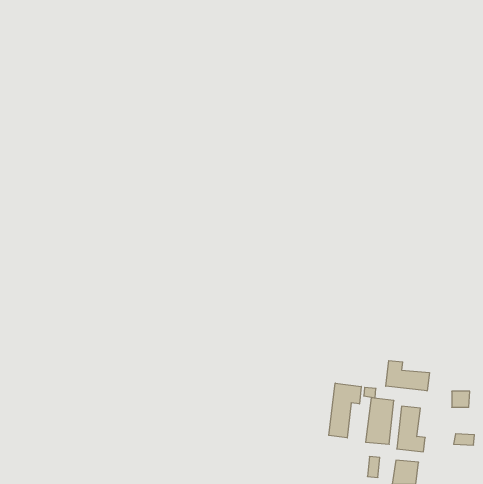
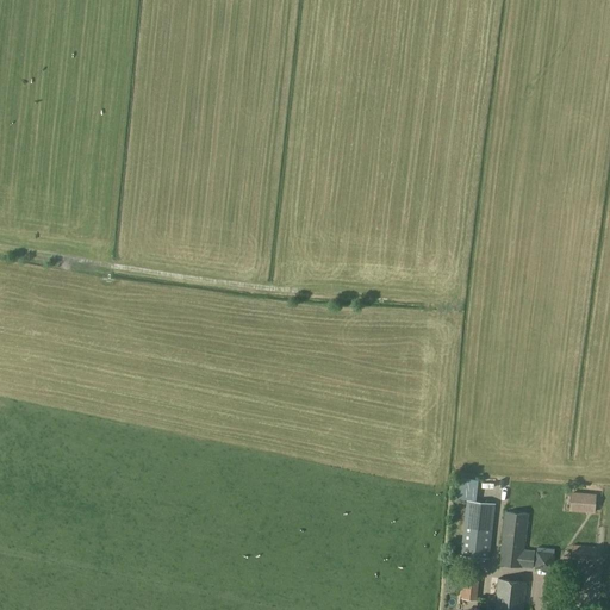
building: [386,361,429,391] -> none
building: [329,383,361,438] -> none

